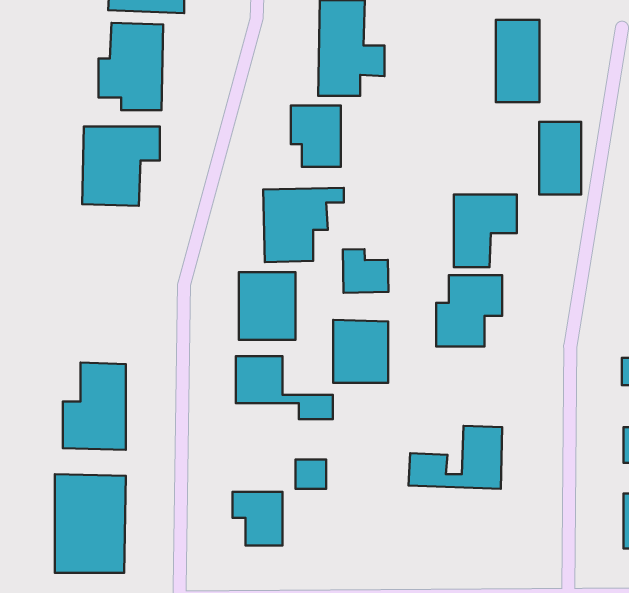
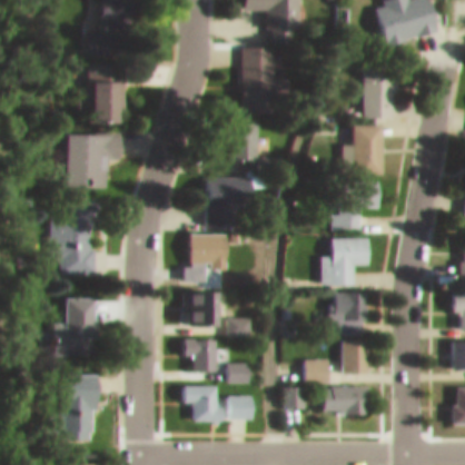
building: [539,122,581,194] -> [352,125,380,175]
building: none -> [59,199,105,274]
building: [343,249,388,293] -> none
building: [333,320,388,383] -> [328,291,366,335]
building: none -> [181,340,215,373]
building: none -> [320,387,364,414]
building: none -> [283,388,303,410]
building: none -> [225,396,253,421]

